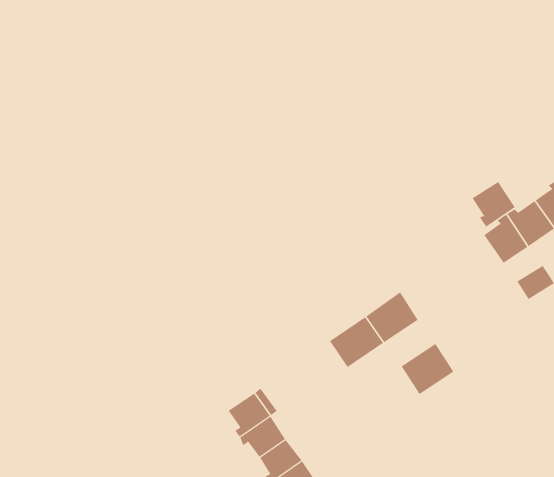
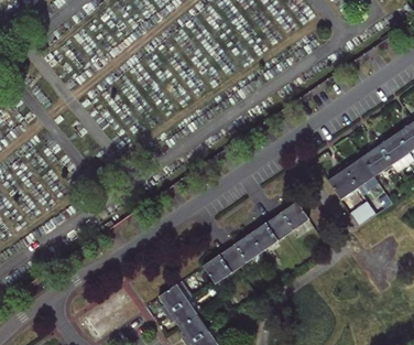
building: [472,181,515,228] -> none
building: none -> [204,249,239,282]
building: [401,343,454,395] -> [274,201,309,235]

